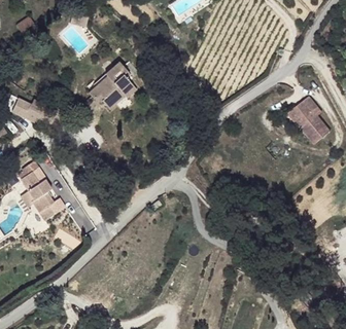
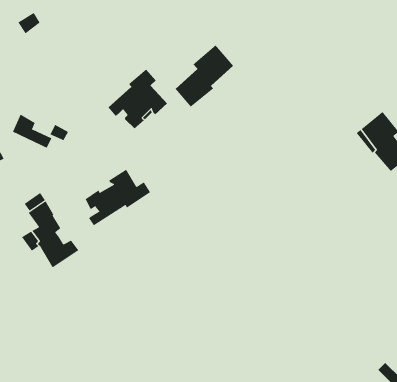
building: none -> [175,44,234,107]
building: none -> [85,169,151,226]

